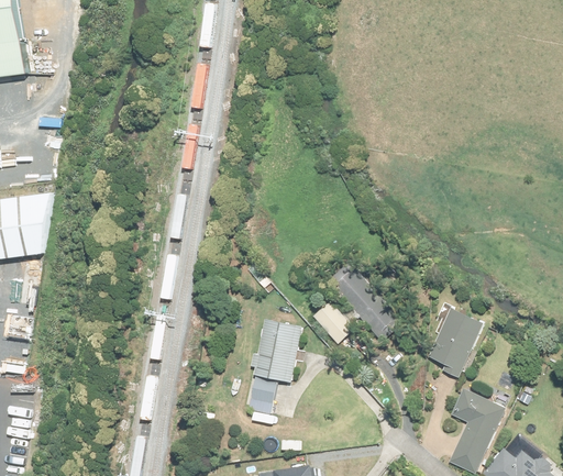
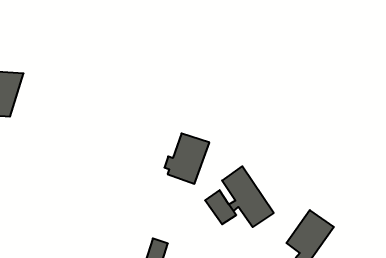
building: [251,320,303,383] -> [164,133,209,184]

